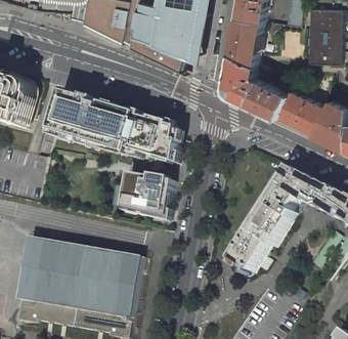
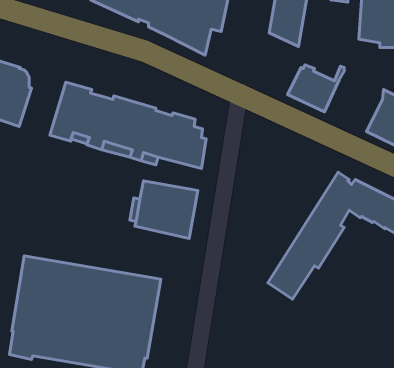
building: [224,51,259,102] -> none
building: [275,90,323,133] -> none

